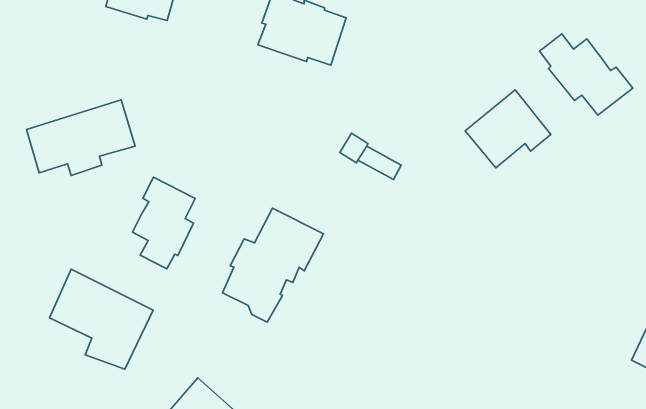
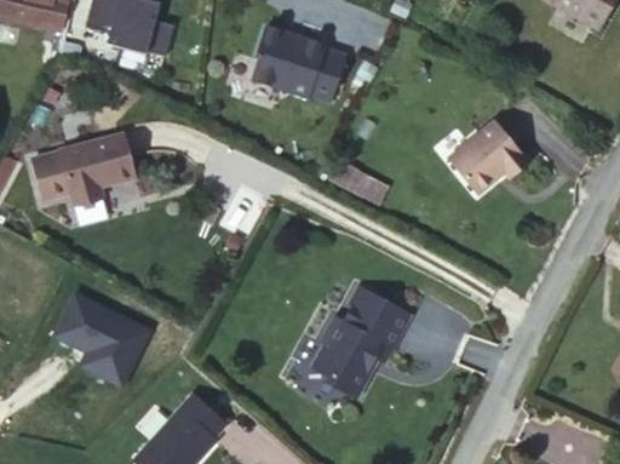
building: [539,34,633,115] -> none
building: [132,177,195,269] -> none
building: [222,208,324,322] -> [315,288,411,396]

